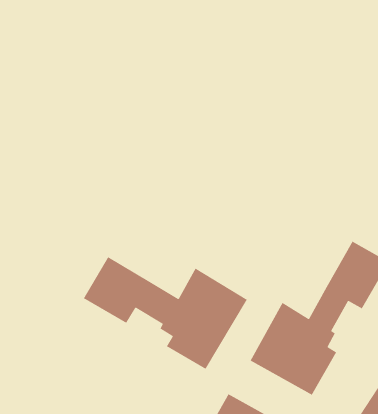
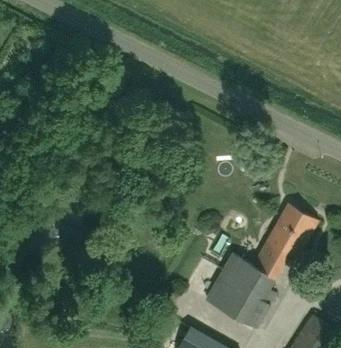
building: [83,256,248,370] -> none

